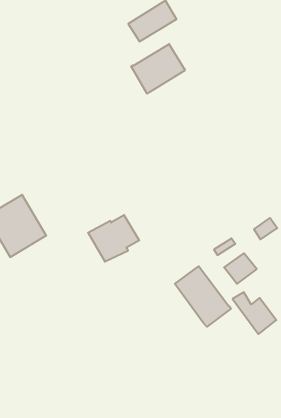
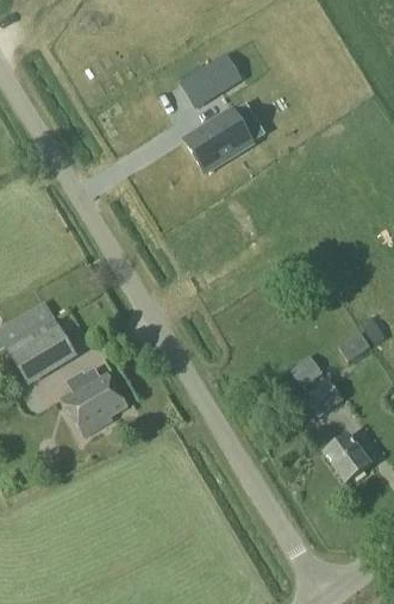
building: [88,215,139,262] -> [61,374,126,434]
building: [175,266,231,327] -> none

